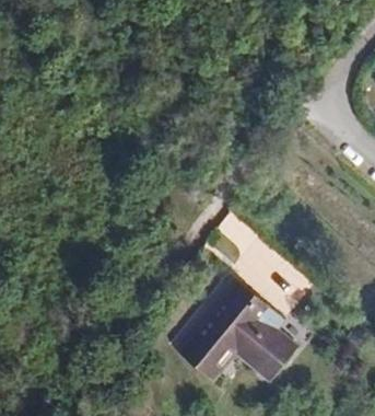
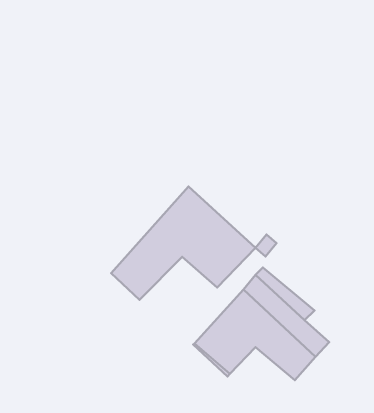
building: none -> [111,187,256,300]

